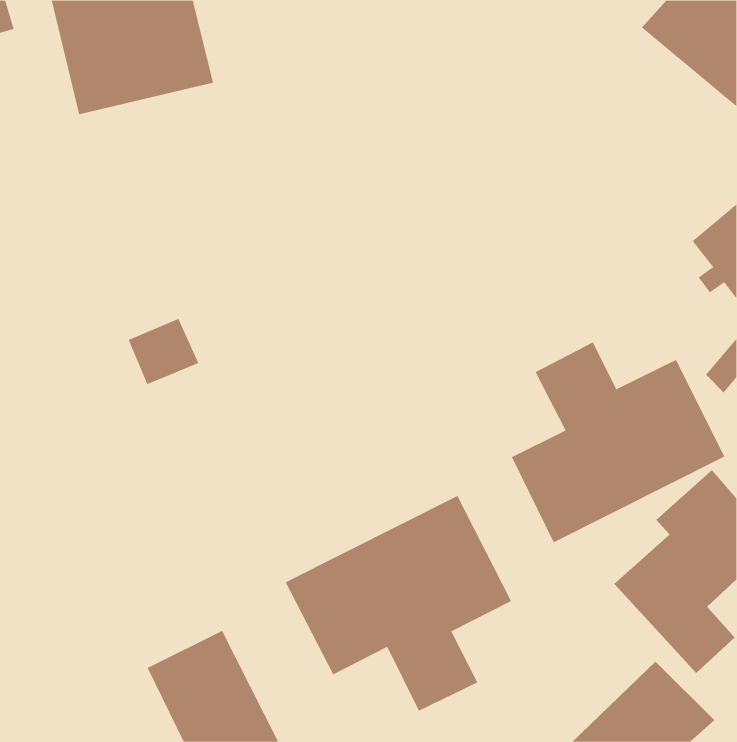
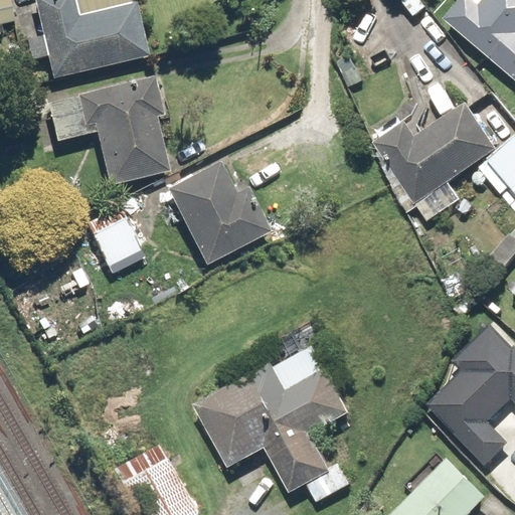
building: none -> [47,78,166,185]
building: none -> [377,105,497,203]
building: none -> [166,161,269,261]
building: [511,341,725,543] -> none

